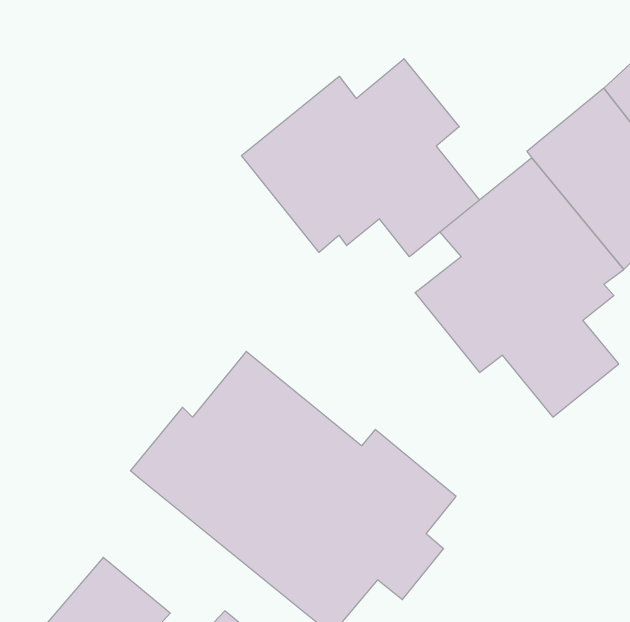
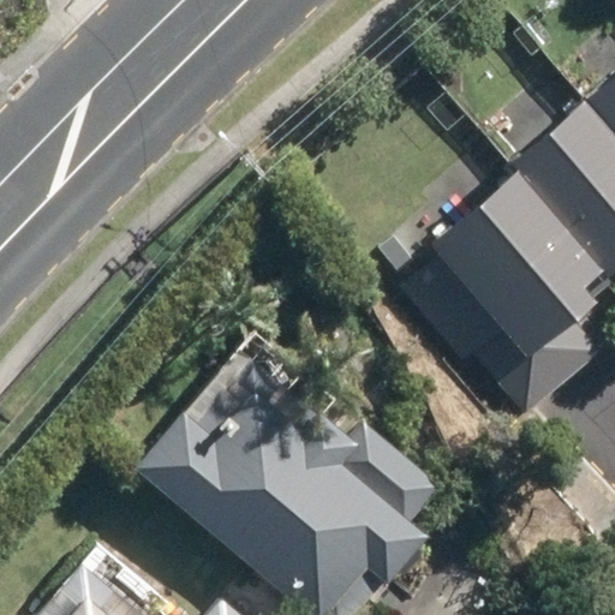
building: [242,59,479,257] -> none

